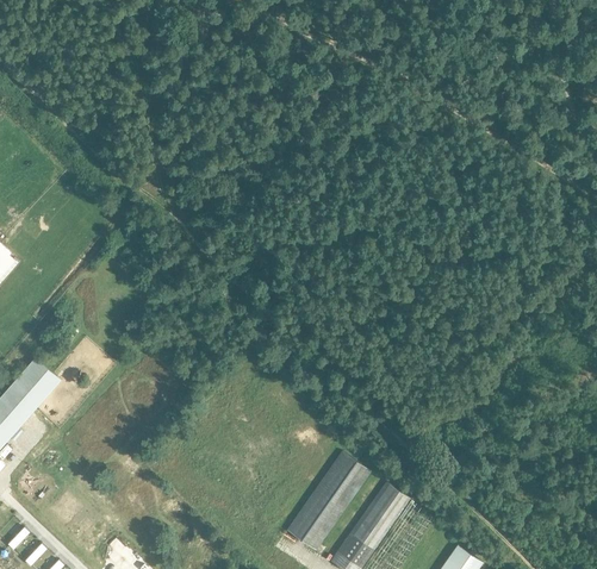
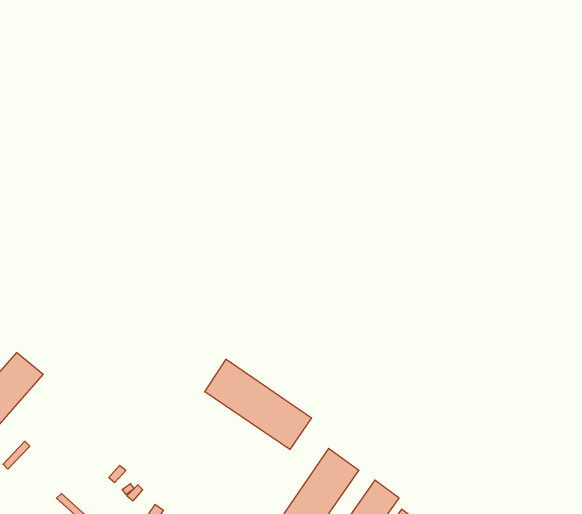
building: none -> [205,359,312,450]

